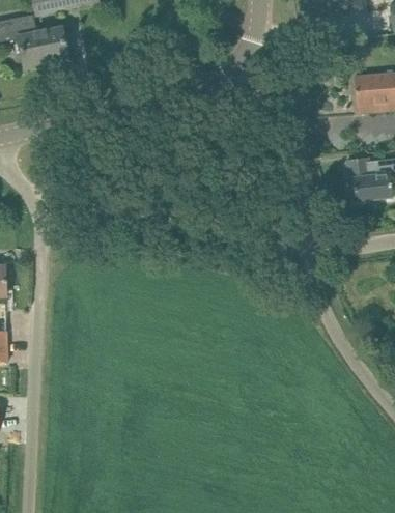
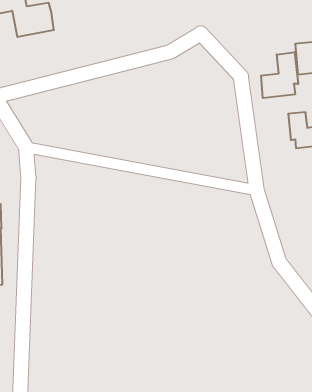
building: none -> [261,52,298,98]

